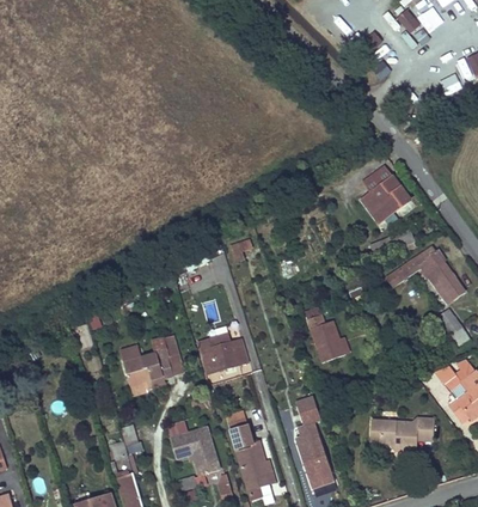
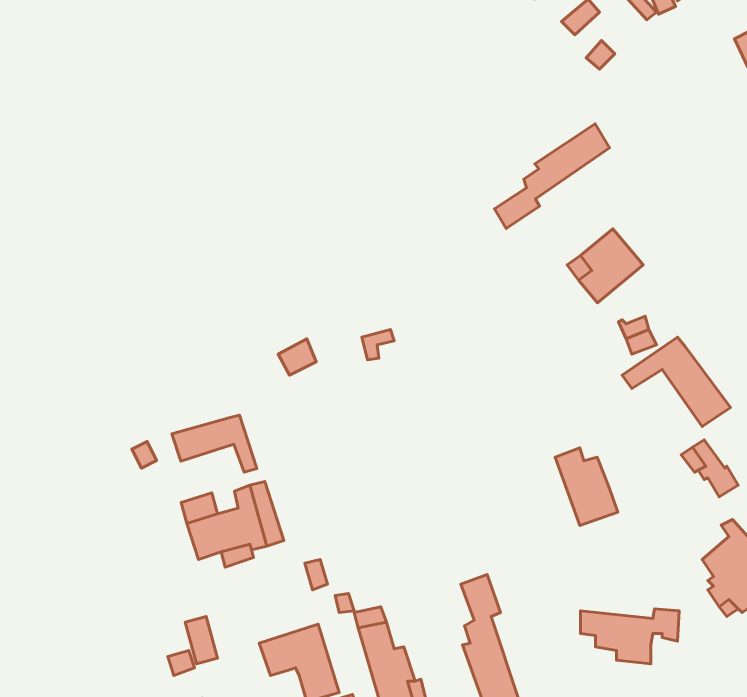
building: none -> [495,124,609,229]
building: none -> [172,415,257,472]
building: [306,311,345,360] -> [555,448,618,526]
building: [197,334,246,372] -> none

